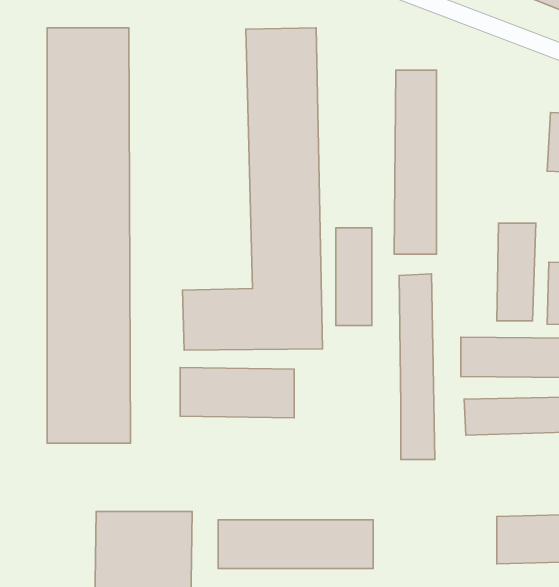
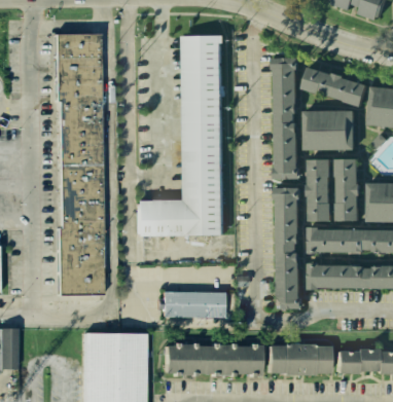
building: none -> [301,65,366,107]
building: none -> [305,110,355,149]
building: [336,228,372,326] -> [309,158,331,220]
building: [180,367,294,418] -> [157,291,229,323]
building: none -> [267,342,327,372]

